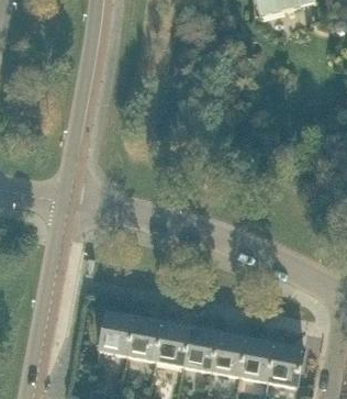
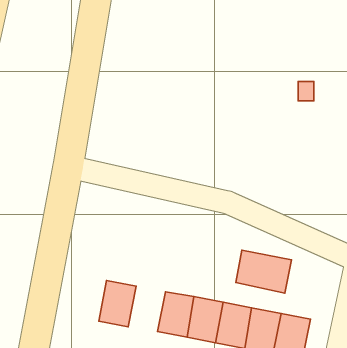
building: none -> [236,250,291,293]
building: [126,318,163,362] -> none

